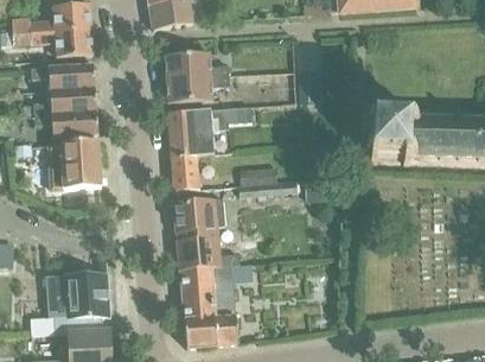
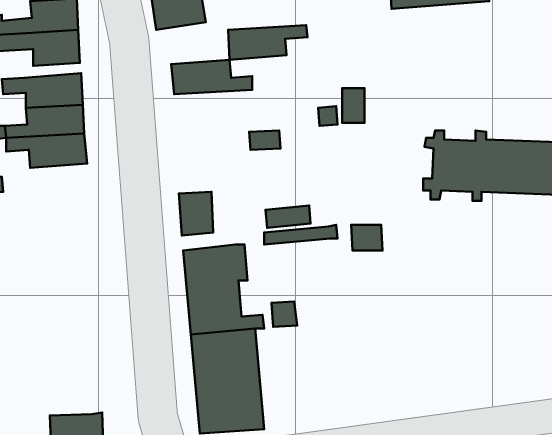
building: [166,76,229,103] -> [228,25,308,60]
building: [167,110,212,158] -> none
building: [45,140,101,190] -> none
building: [45,256,107,334] -> none

